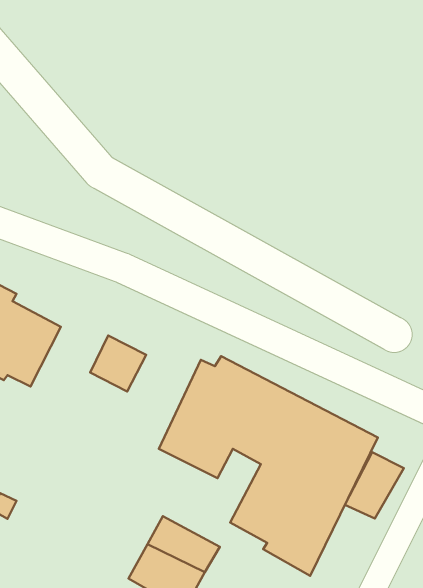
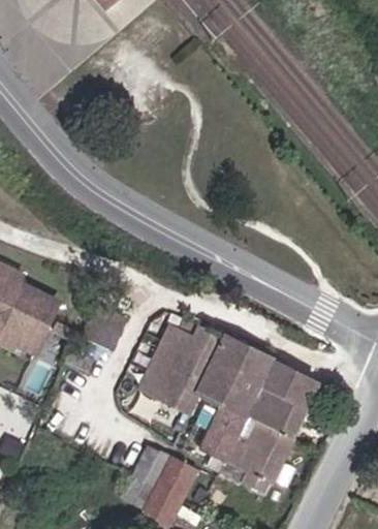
building: [345,452,404,519] -> none

